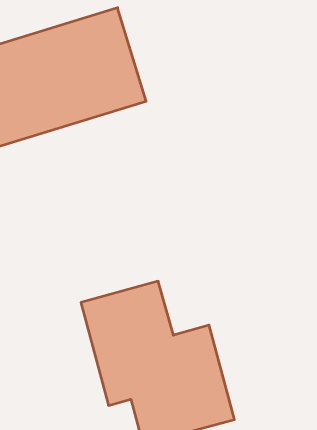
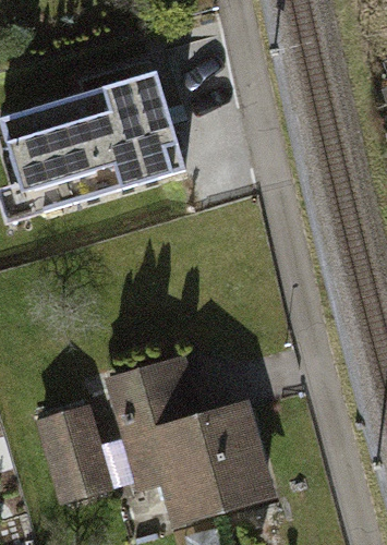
building: none -> [40,405,119,507]

